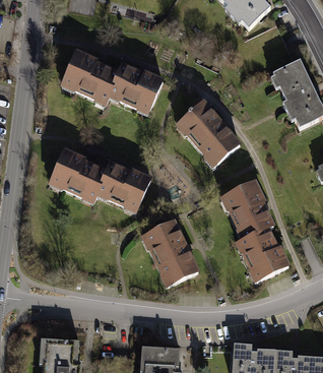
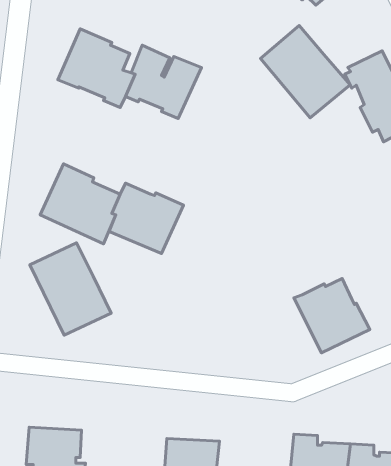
building: [175,101,241,169] -> [260,25,350,118]
building: [218,179,275,241] -> none
building: [142,219,202,287] -> [30,243,111,335]

